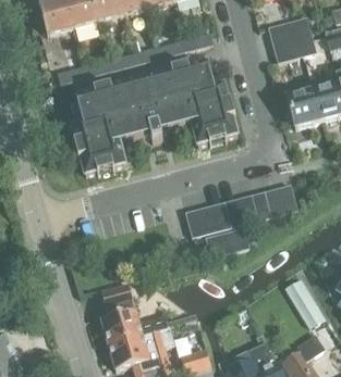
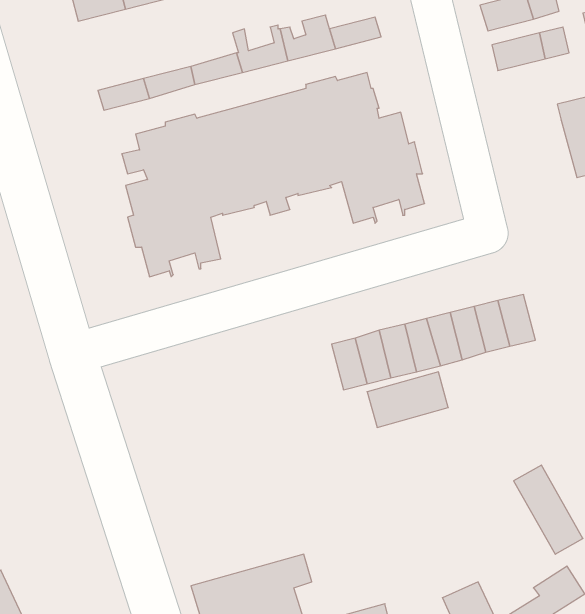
building: [283,79,320,126] -> none
building: [100,282,170,343] -> none

